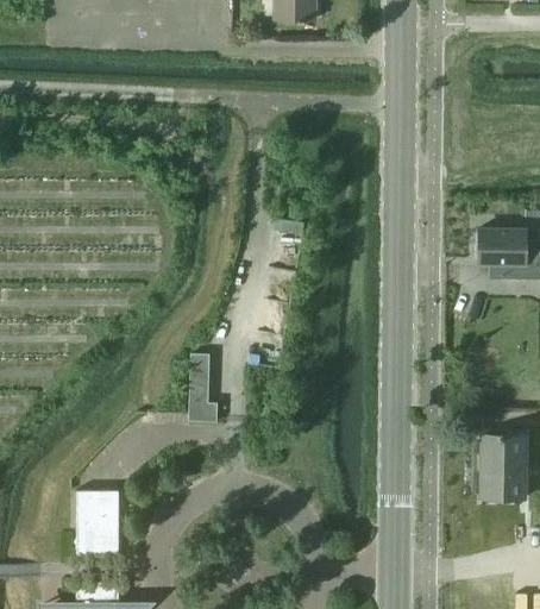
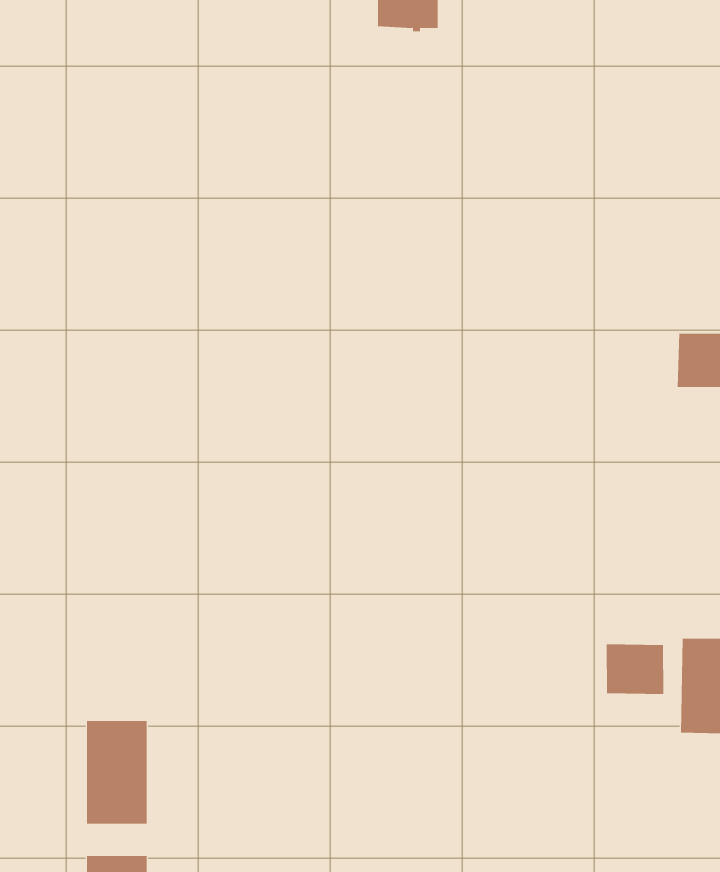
building: [188,353,218,422] -> none
building: none -> [606,643,664,695]

